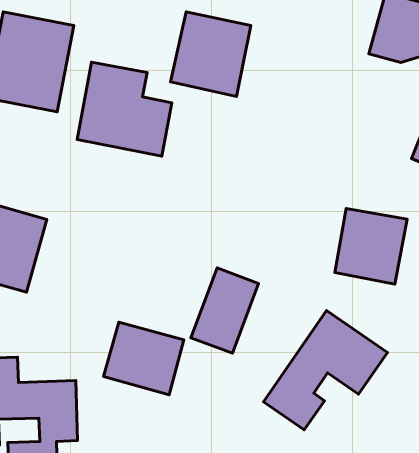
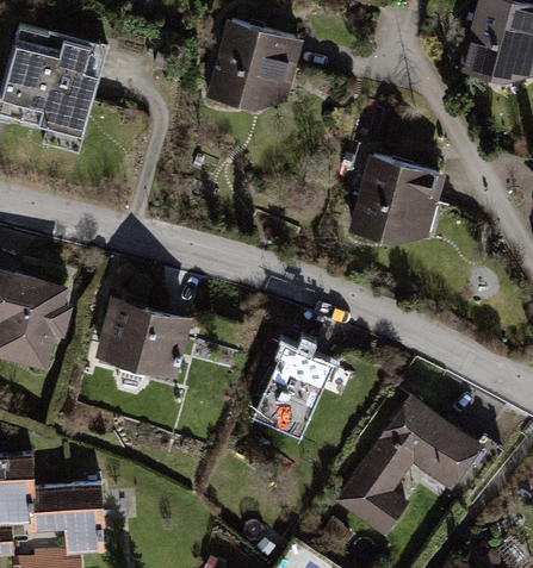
building: [77,62,172,156] -> none
building: [335,209,407,284] -> [352,158,441,251]
building: [103,322,184,395] -> [89,291,188,380]

